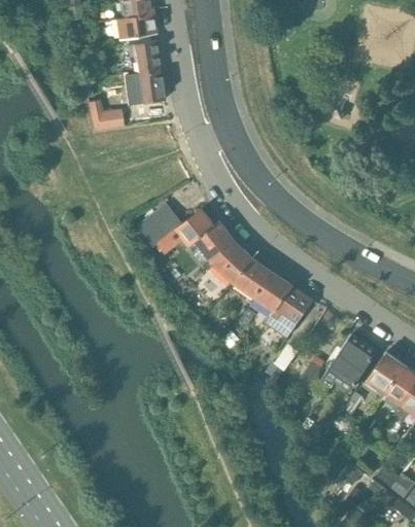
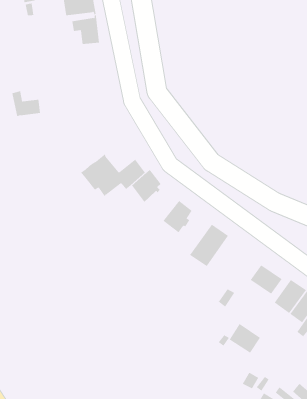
building: [138,71,164,104] -> none
building: [89,99,124,130] -> [11,91,41,117]
building: [212,239,253,283] -> none
building: [253,271,292,312] -> none
building: [325,353,364,389] -> [229,323,261,353]

